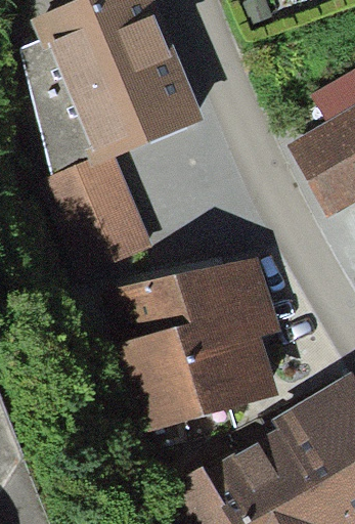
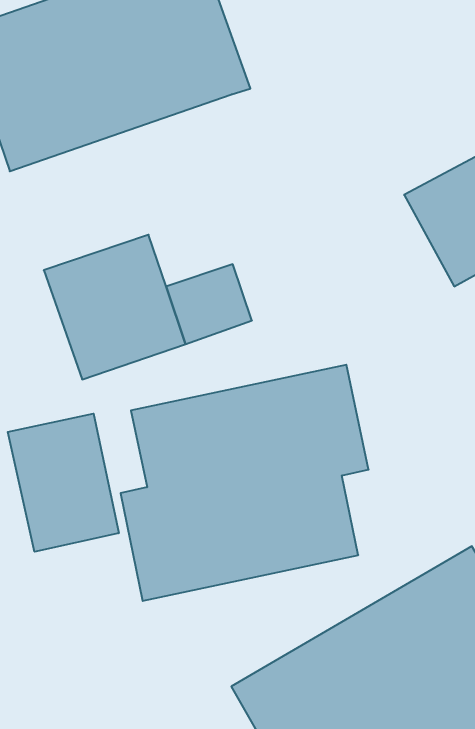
building: [30,74,207,195] -> none
building: none -> [8,414,119,552]

